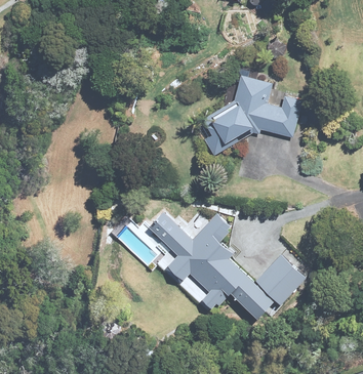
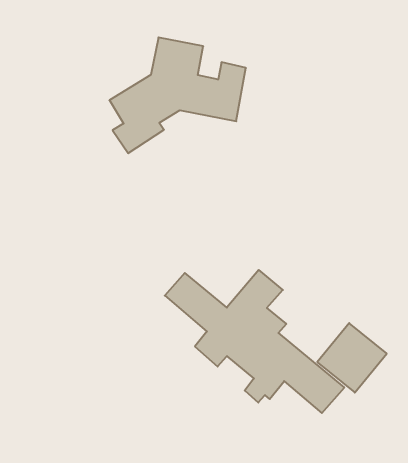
building: [202,75,301,157] -> [109,37,246,153]

